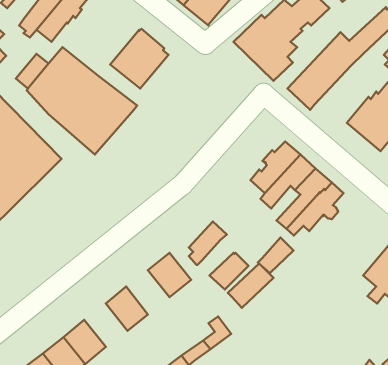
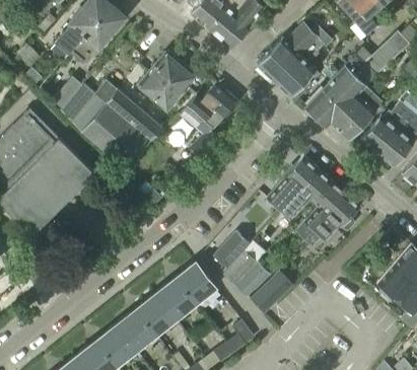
building: none -> [180,83,238,157]
building: none -> [332,86,384,139]
building: [258,237,294,273] -> [222,249,256,283]
building: none -> [155,278,196,319]
building: none -> [116,309,156,350]

